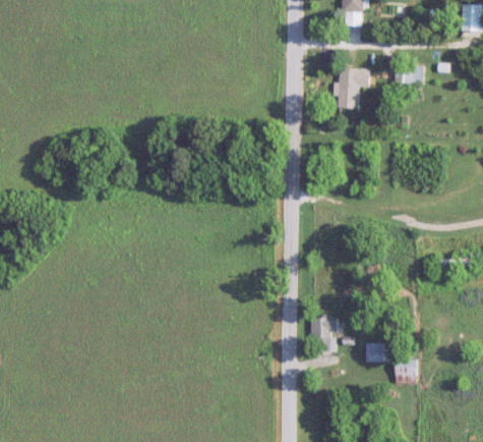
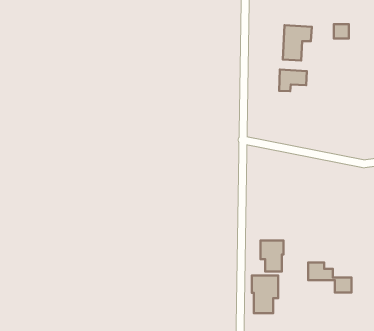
building: none -> [279,70,307,91]
building: none -> [252,276,278,313]

